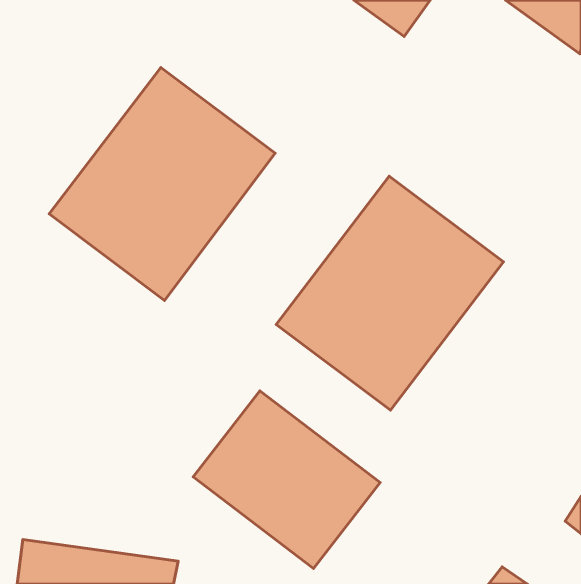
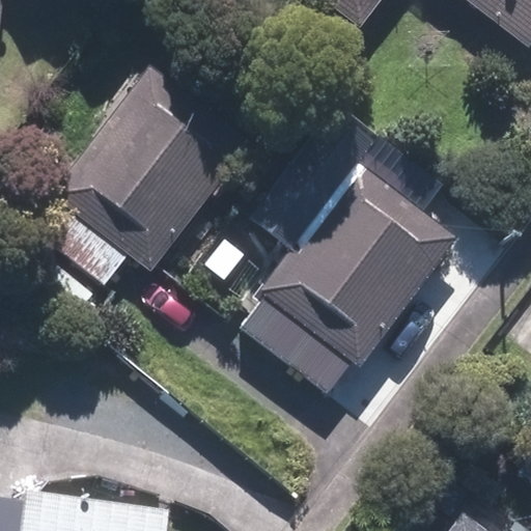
building: [193,391,380,568] -> none

